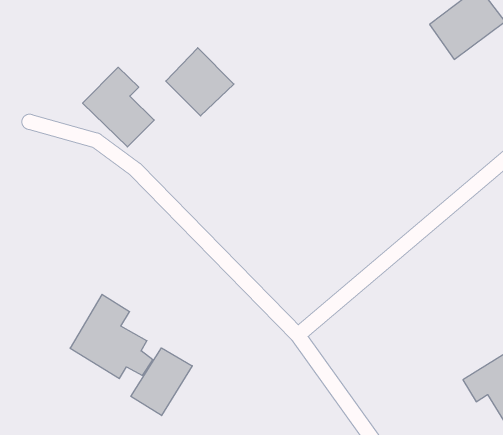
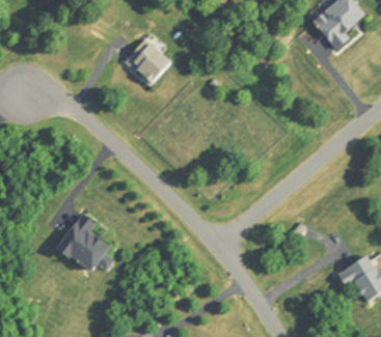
building: [83,67,154,147] -> none
building: [131,348,192,416] -> none

